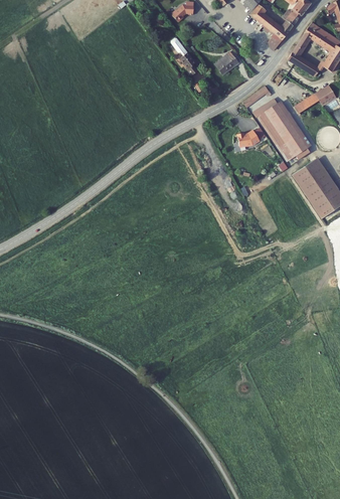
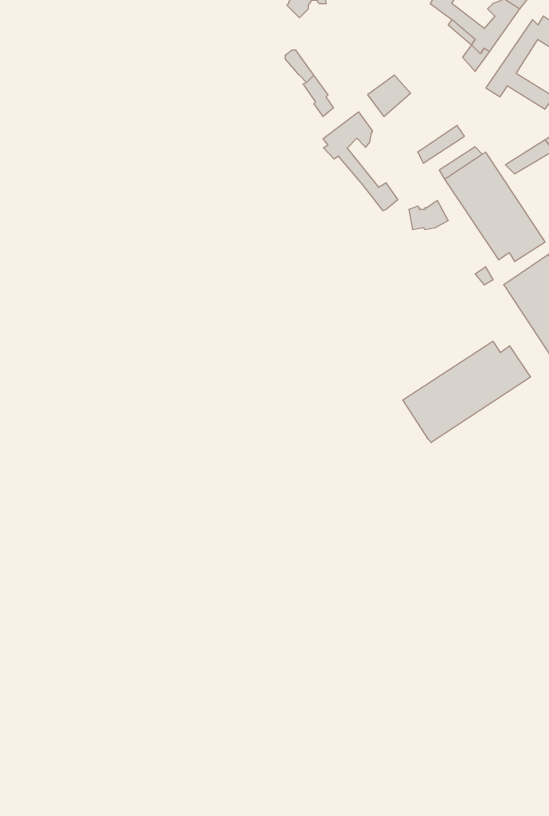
building: none -> [323,112,398,211]
building: none -> [403,341,531,443]

